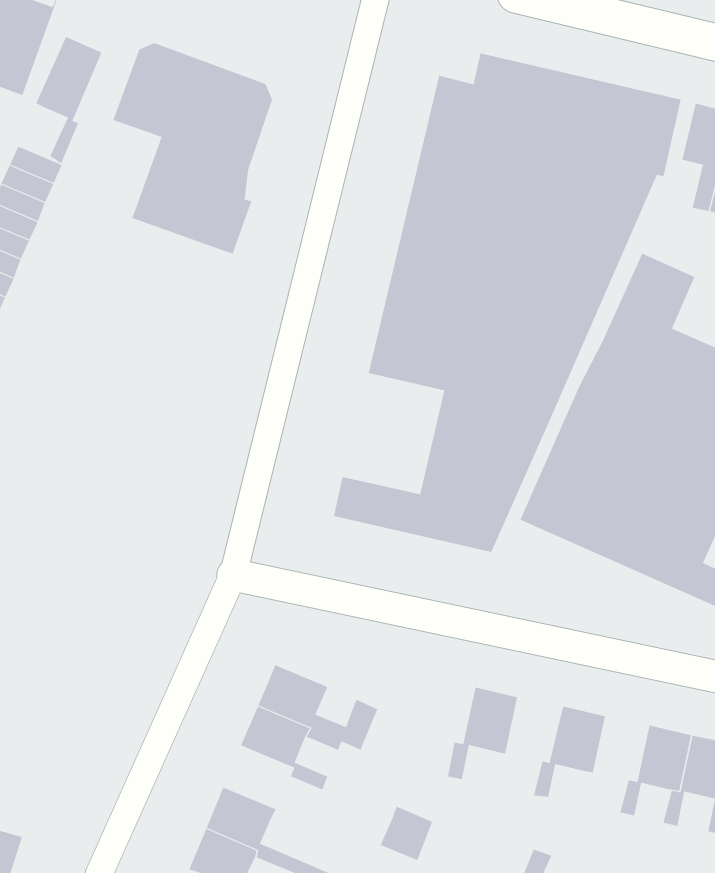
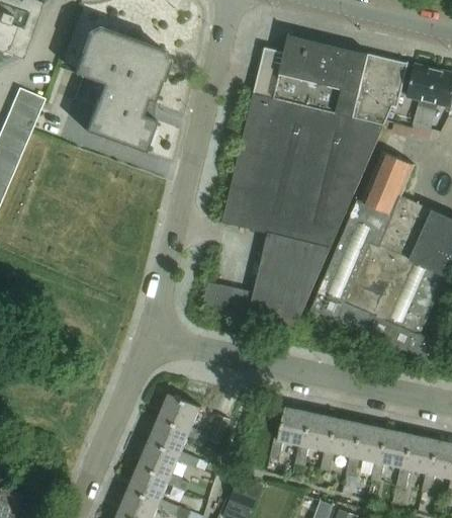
building: [36,36,102,164] -> none
building: none -> [294,413,337,466]
building: none -> [345,424,387,478]
building: none -> [138,441,189,493]

